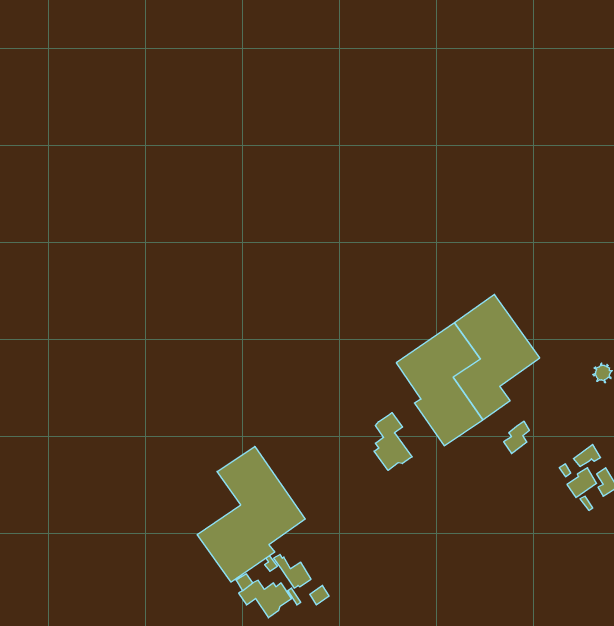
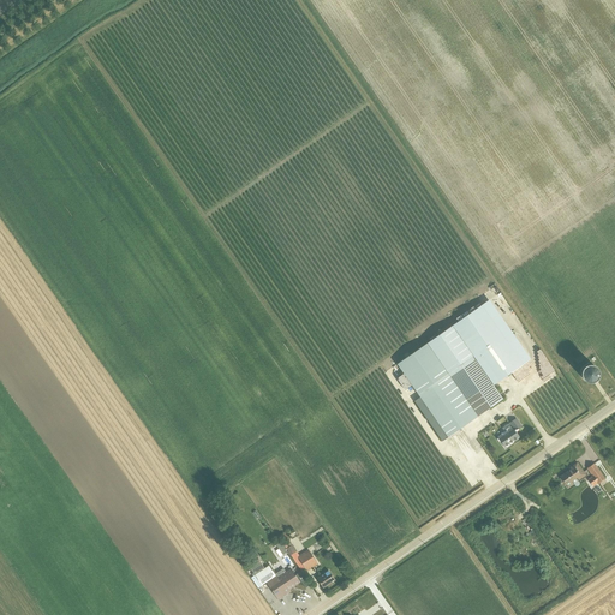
building: [374,413,412,470] -> none
building: [197,446,305,582] -> none

